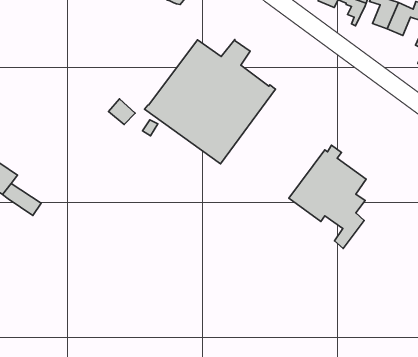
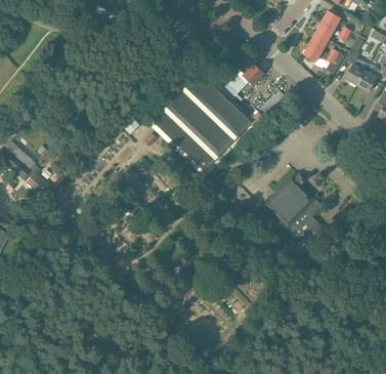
building: none -> [230,64,264,87]

